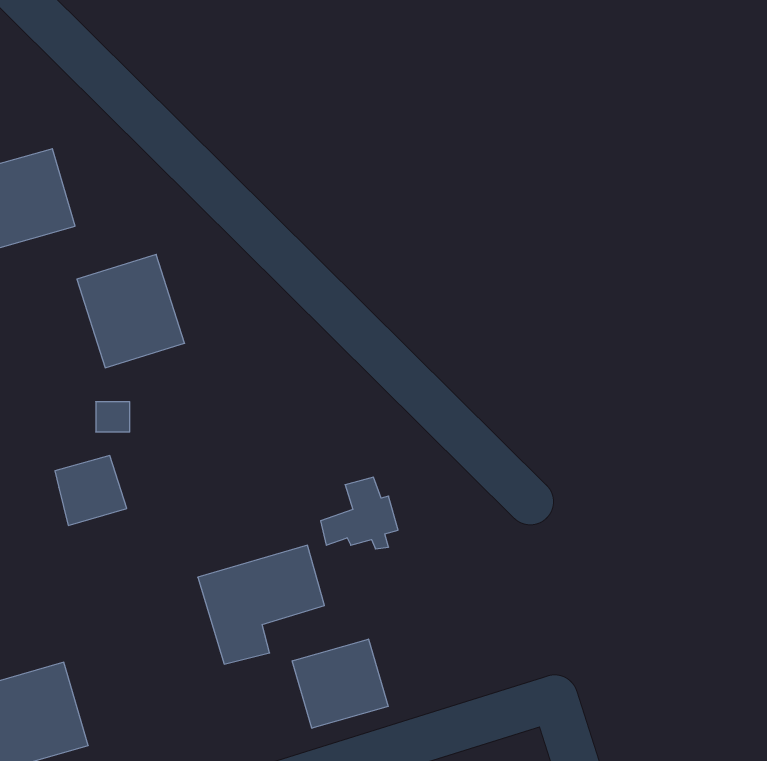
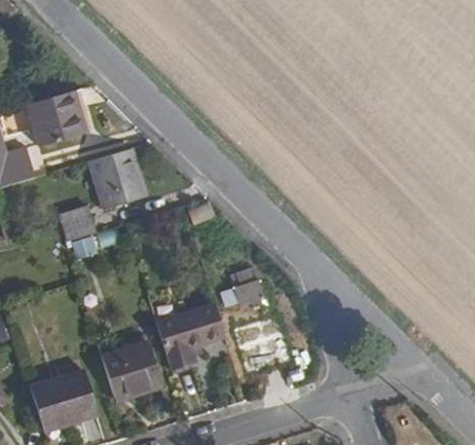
building: [55,456,127,525] -> [59,206,98,244]
building: none -> [101,344,159,398]
building: [292,639,388,728] -> none

